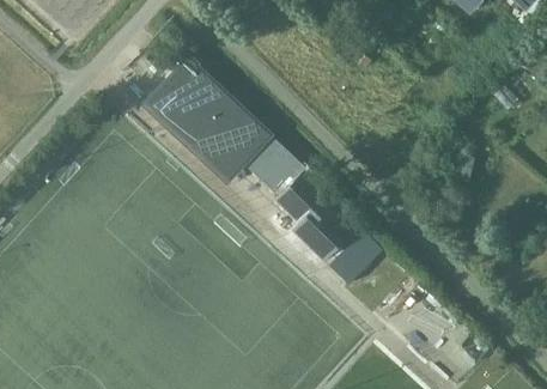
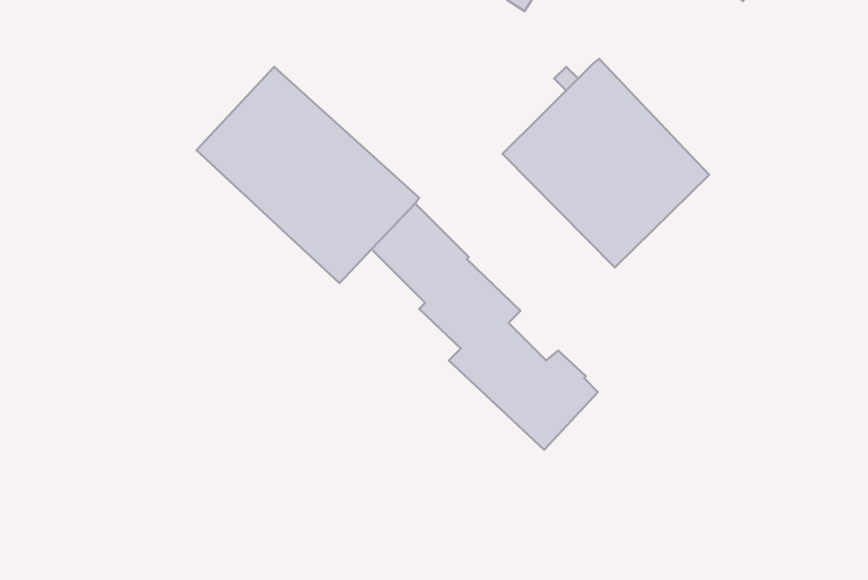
building: none -> [503,59,709,267]

